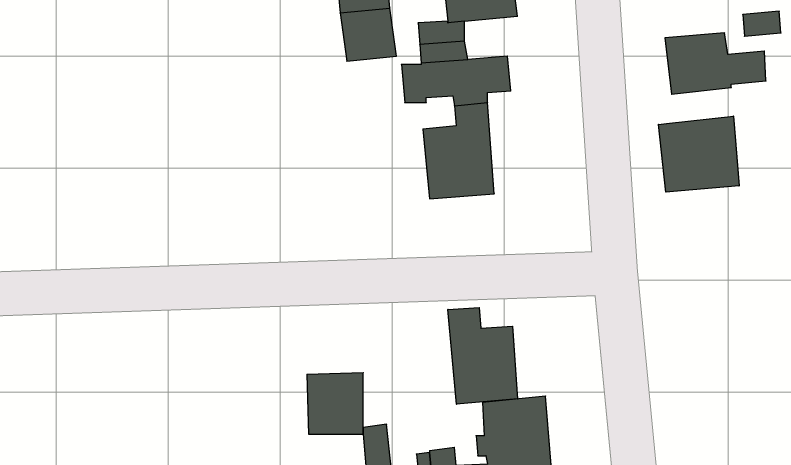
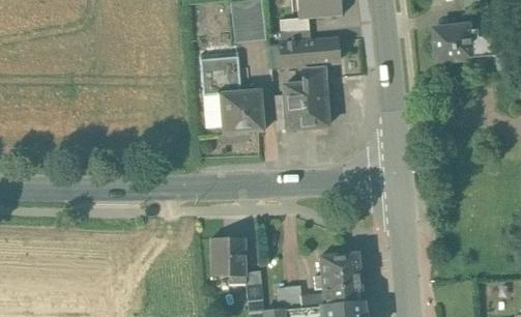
building: none -> [200,50,263,133]
building: [658,116,739,192] -> none
building: [448,308,518,404] -> none

